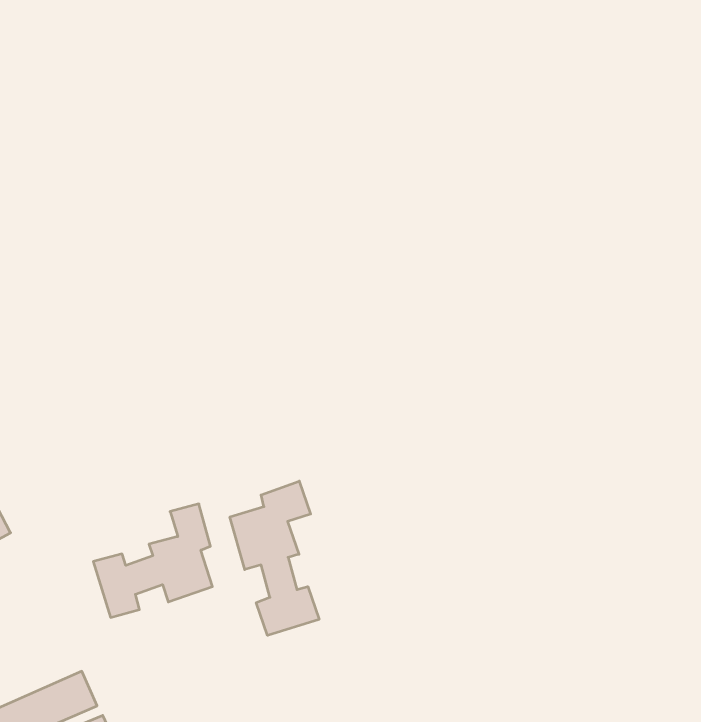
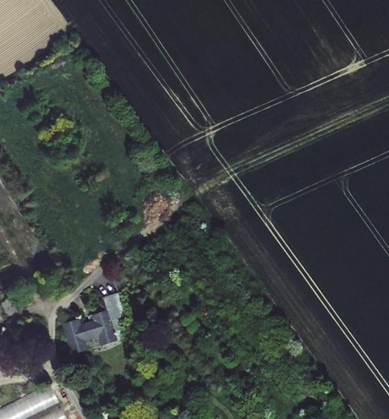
building: [230,481,319,635] -> none

